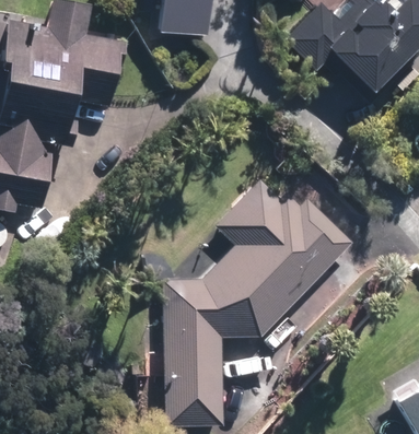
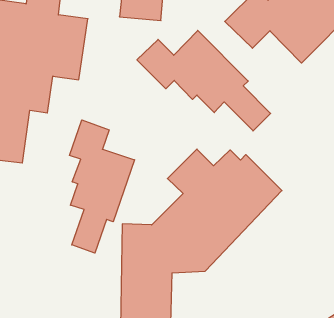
building: none -> [137,30,271,131]
building: none -> [70,120,135,253]

